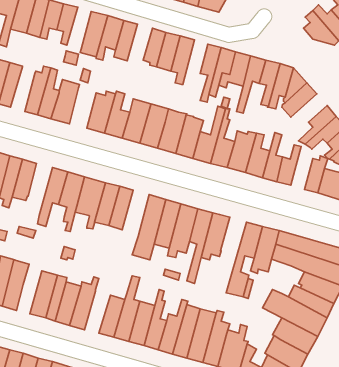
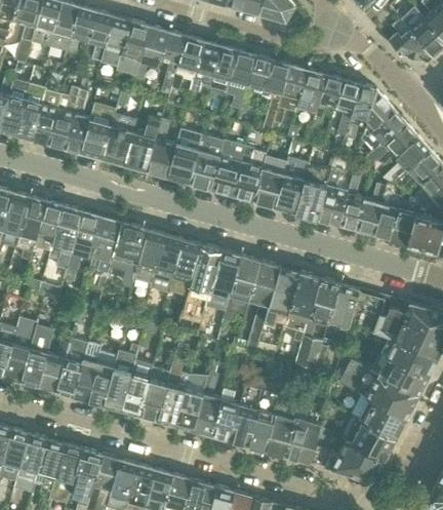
building: none -> [99,16,129,68]
building: none -> [171,37,204,90]
building: none -> [241,56,272,113]
building: none -> [31,89,62,144]
building: none -> [103,115,135,164]
building: none -> [360,122,417,169]
building: none -> [373,182,402,239]
building: none -> [49,207,82,271]
building: none -> [167,240,200,297]
building: none -> [284,273,319,343]
building: none -> [38,331,70,391]
building: none -> [121,361,153,415]

